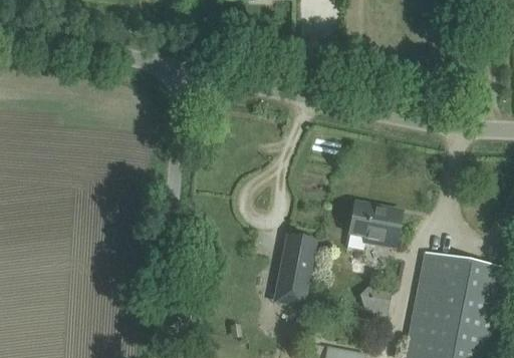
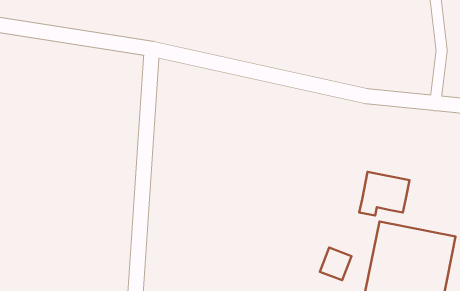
building: [346,201,401,248] -> [359,172,409,215]
building: [278,233,315,300] -> none

